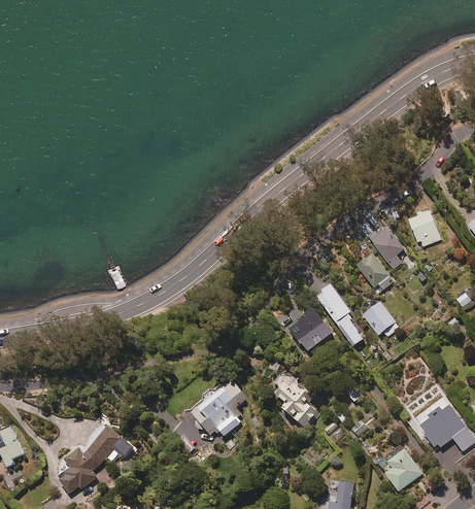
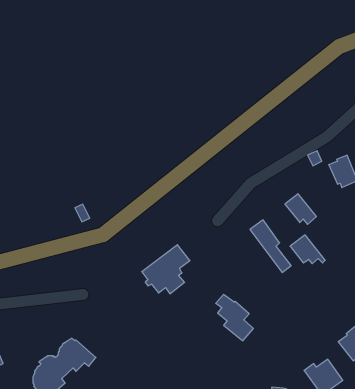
building: [371,228,404,269] -> none
building: [289,308,331,352] -> none
building: [192,378,248,436] -> [142,245,190,294]

